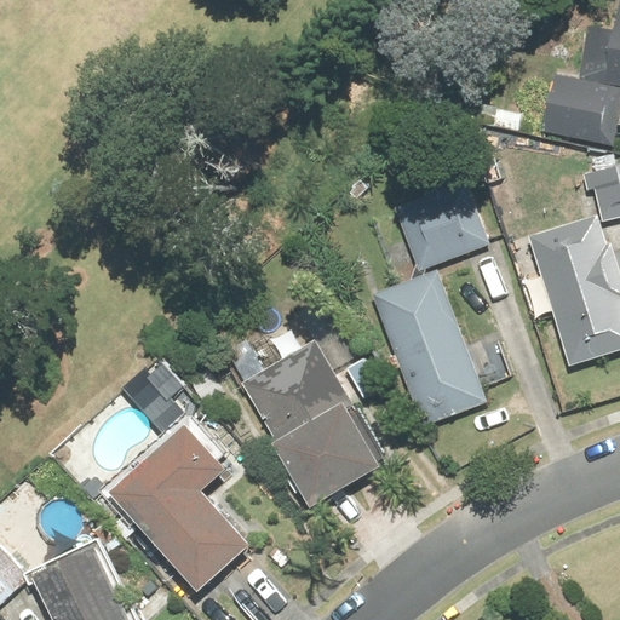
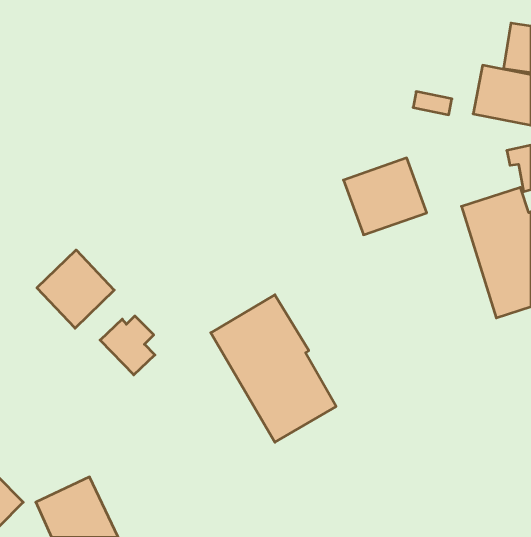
building: [373,270,488,426] -> none
building: none -> [37,250,114,328]
building: [102,425,243,592] -> none

